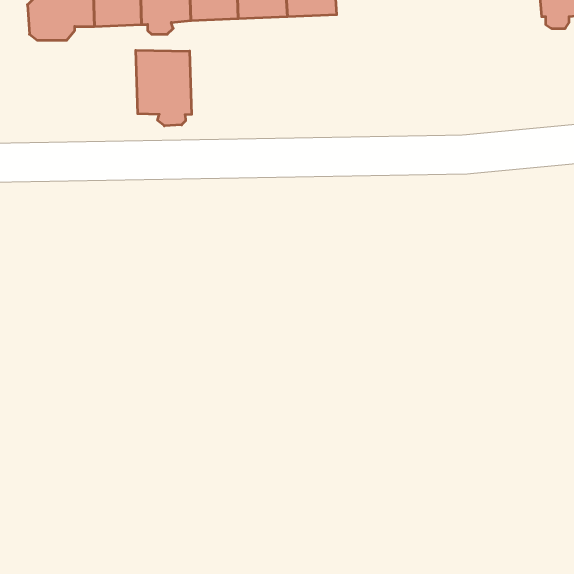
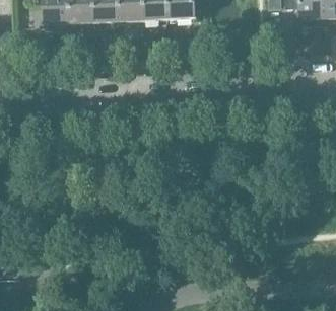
building: [136,50,192,126] -> none

